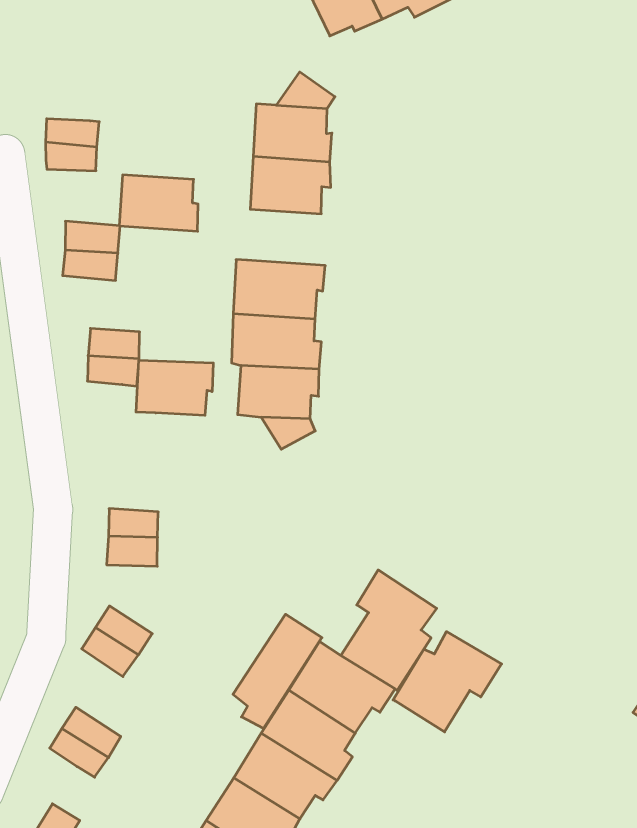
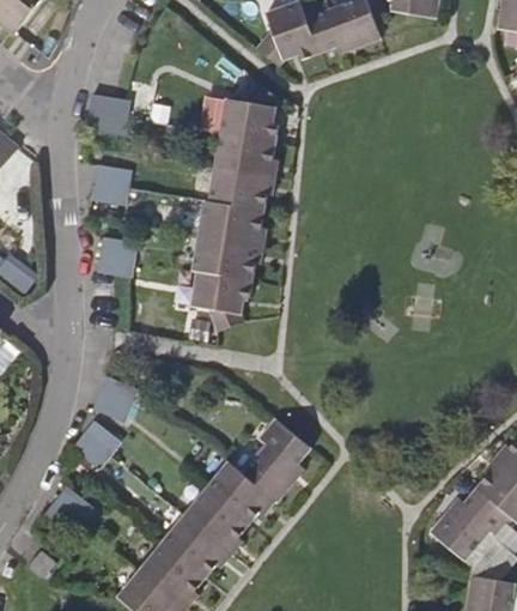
building: [119,175,198,231] -> [211,168,264,211]
building: [136,360,213,415] -> none
building: [233,614,322,729] -> none
building: [393,632,502,732] -> none

